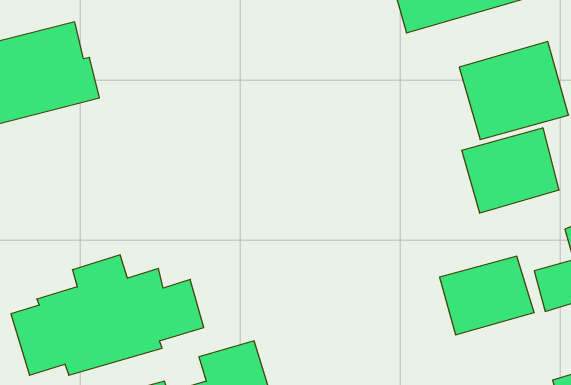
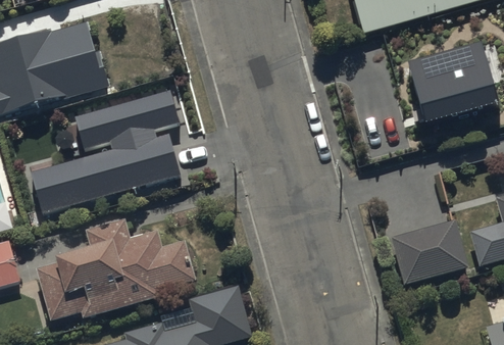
building: none -> [32,92,181,215]
building: [462,128,559,213] -> none

